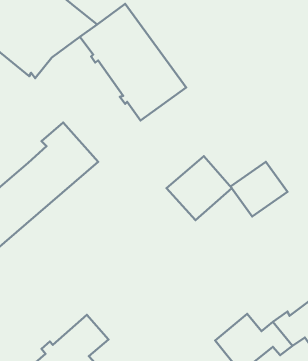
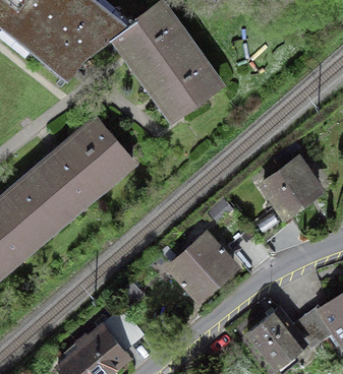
building: [167,156,232,220] -> [170,237,234,300]

